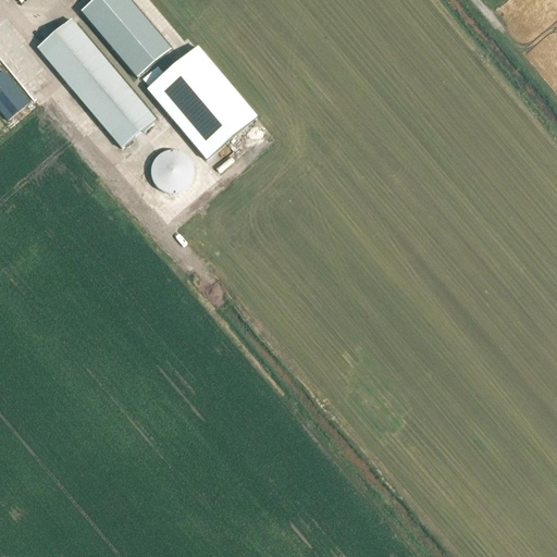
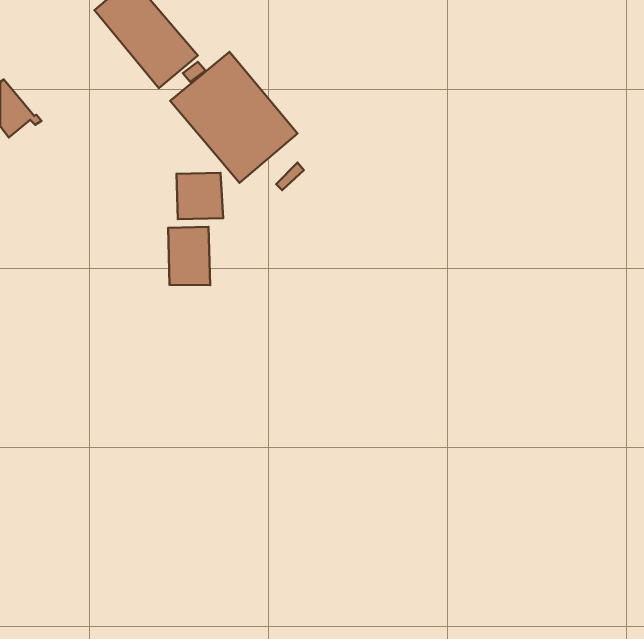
building: [37,17,154,147] -> none
building: none -> [168,227,210,285]

